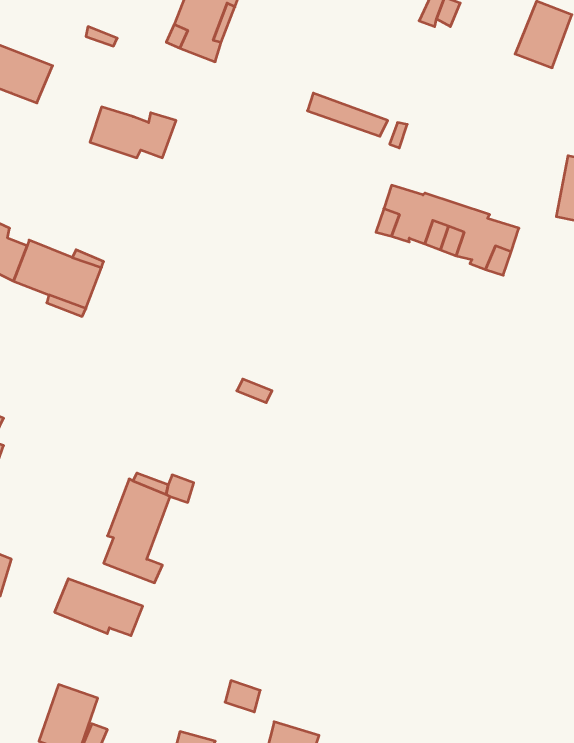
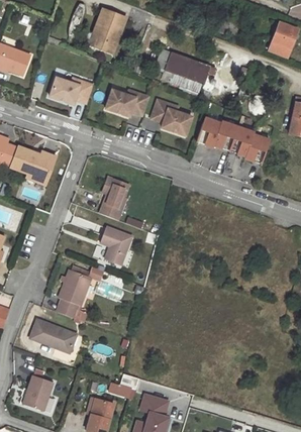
building: none -> [164,52,210,85]
building: none -> [105,89,149,116]
building: none -> [150,99,192,134]
building: none -> [99,178,128,220]
building: none -> [101,227,130,263]

